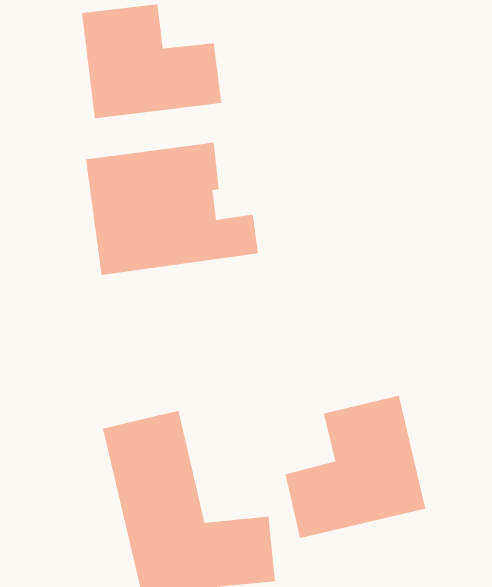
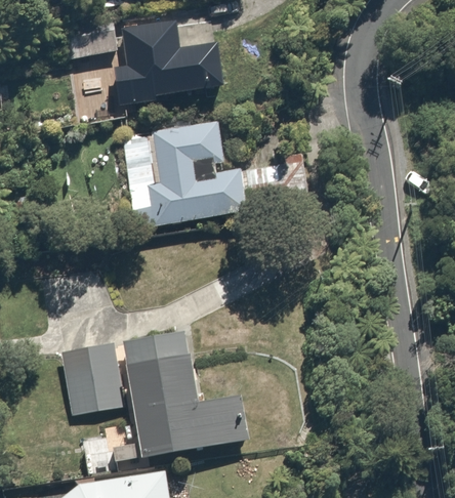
building: [285,395,426,539] -> none
building: none -> [55,345,127,421]

